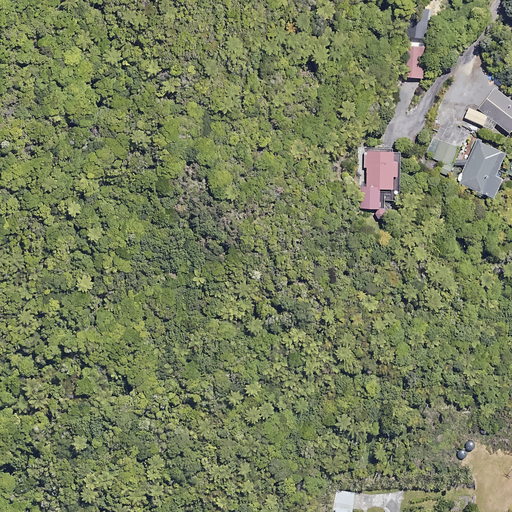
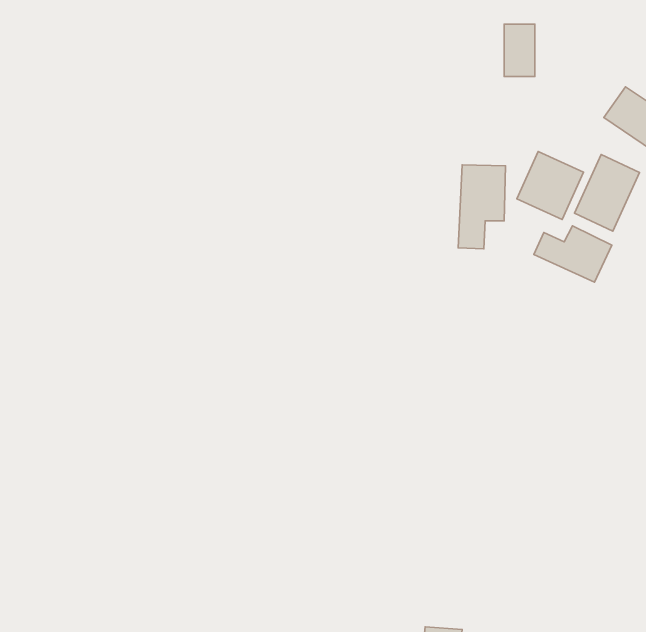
building: none -> [517,152,583,220]
building: none -> [534,226,612,282]

